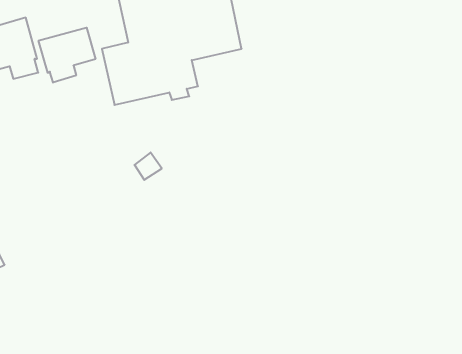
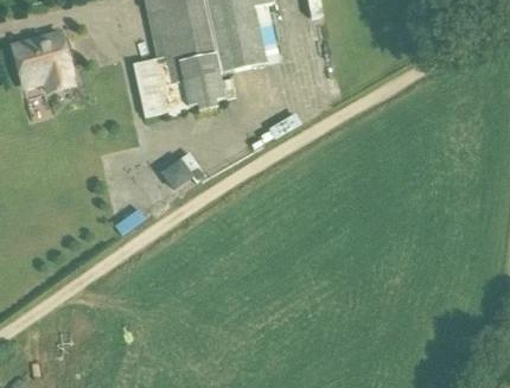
building: [39,28,95,83] -> none

